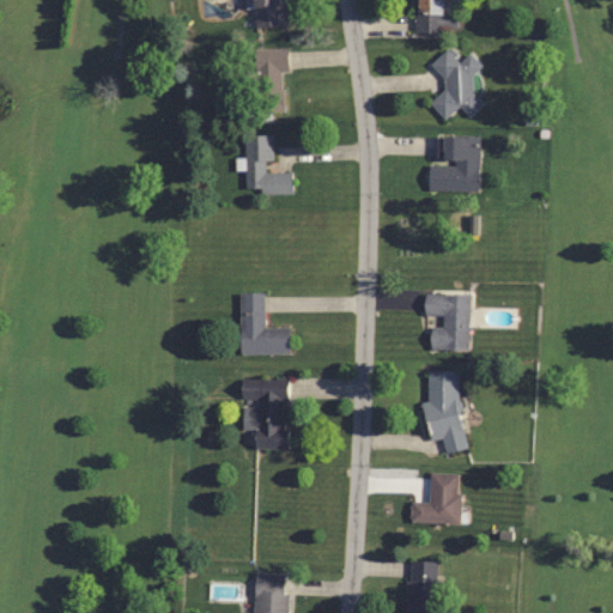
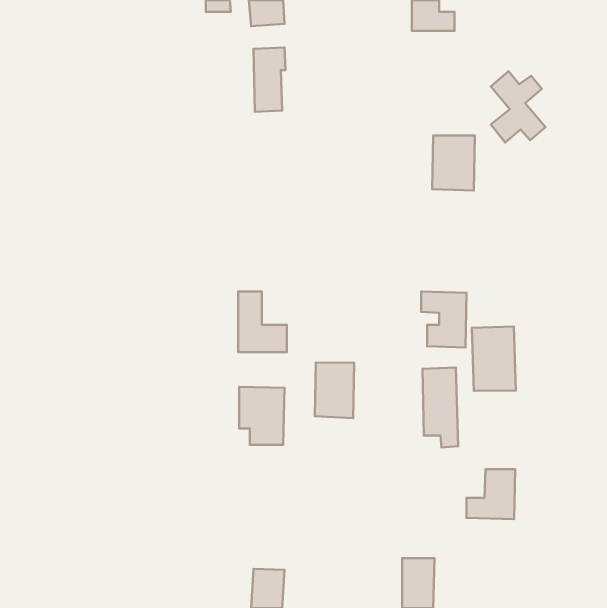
building: [431,48,486,120] -> [491,71,545,143]
building: [244,135,293,194] -> none
building: none -> [472,326,516,391]
building: none -> [315,362,354,418]
building: [412,473,461,523] -> [467,469,515,519]

